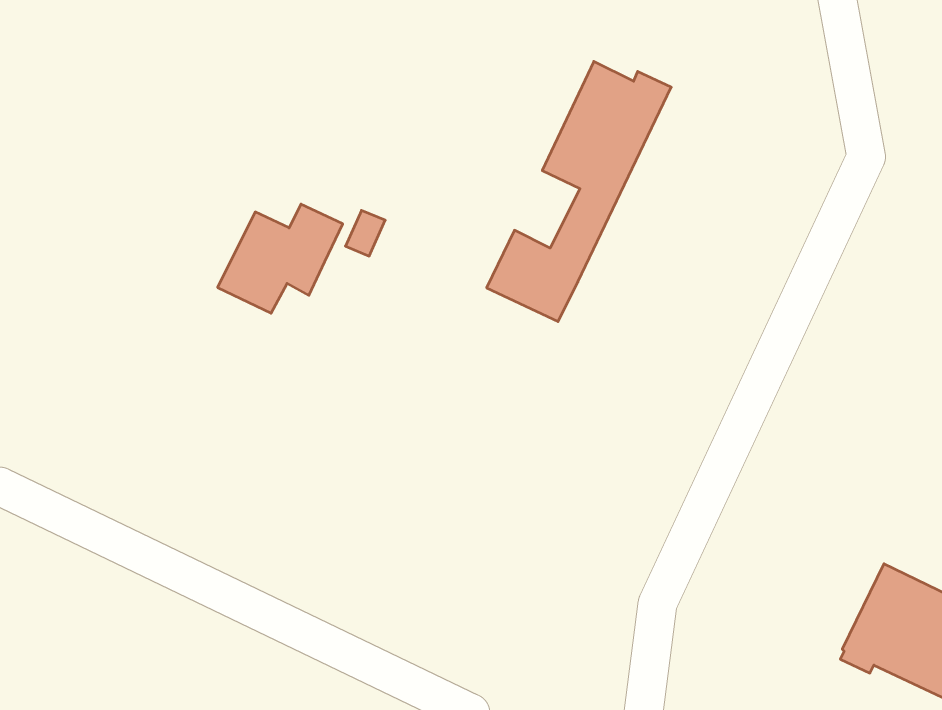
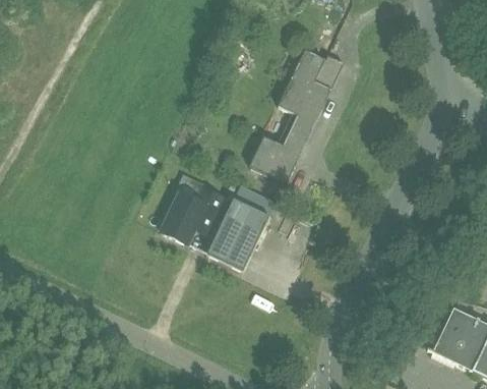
building: [218,204,343,313] -> [160,187,224,243]
building: none -> [205,198,269,270]

